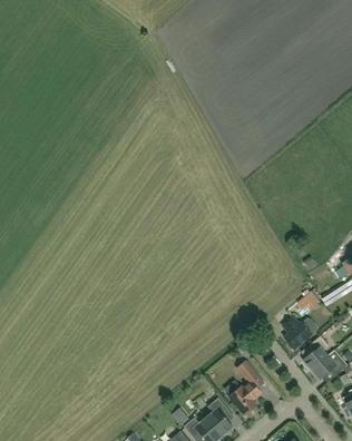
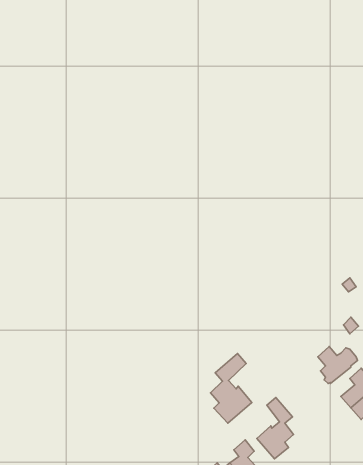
building: none -> [210,353,252,423]

